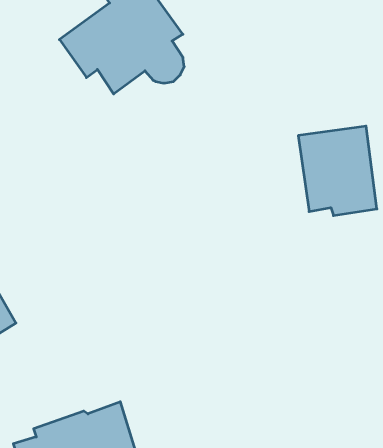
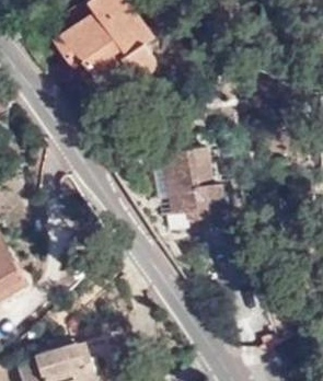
building: [298,126,377,216] -> [162,146,226,218]

